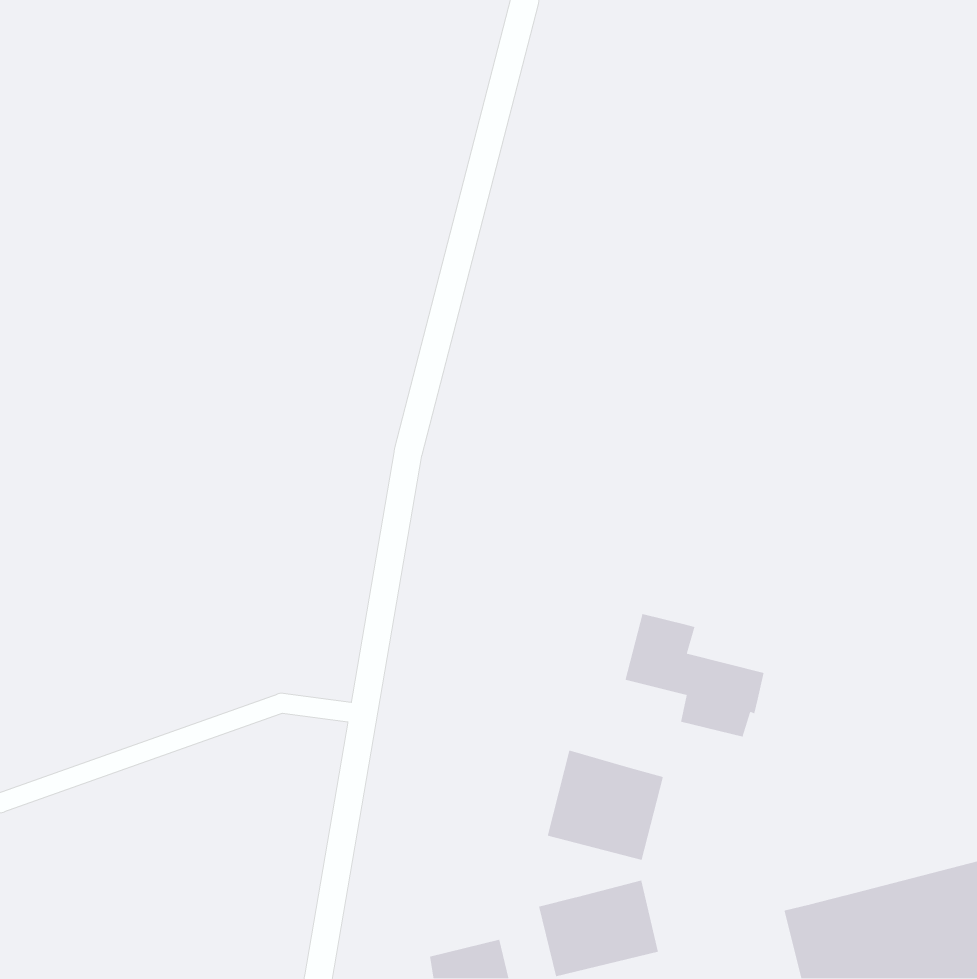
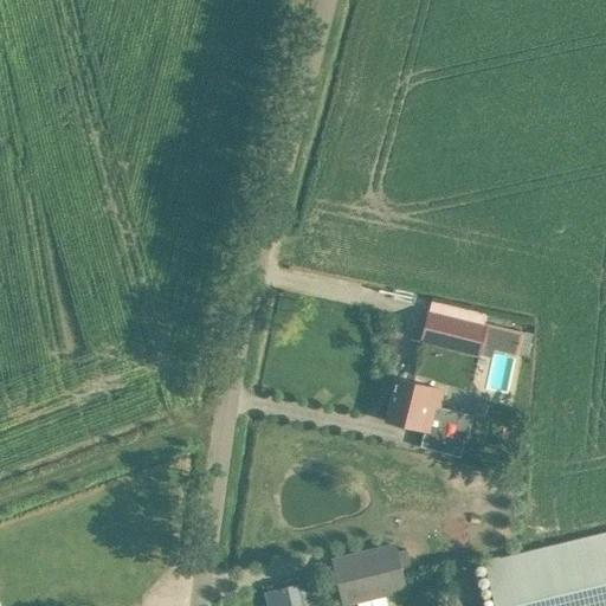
building: none -> [421,312,523,355]
building: [547,750,664,861] -> none

